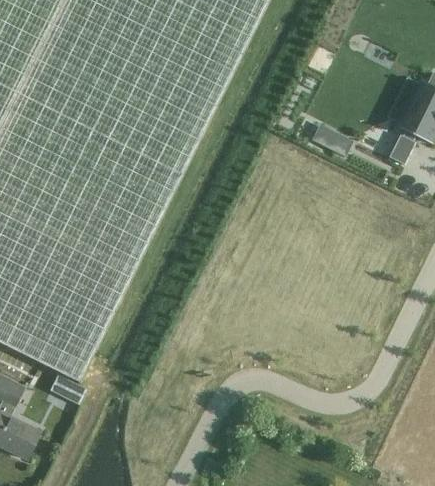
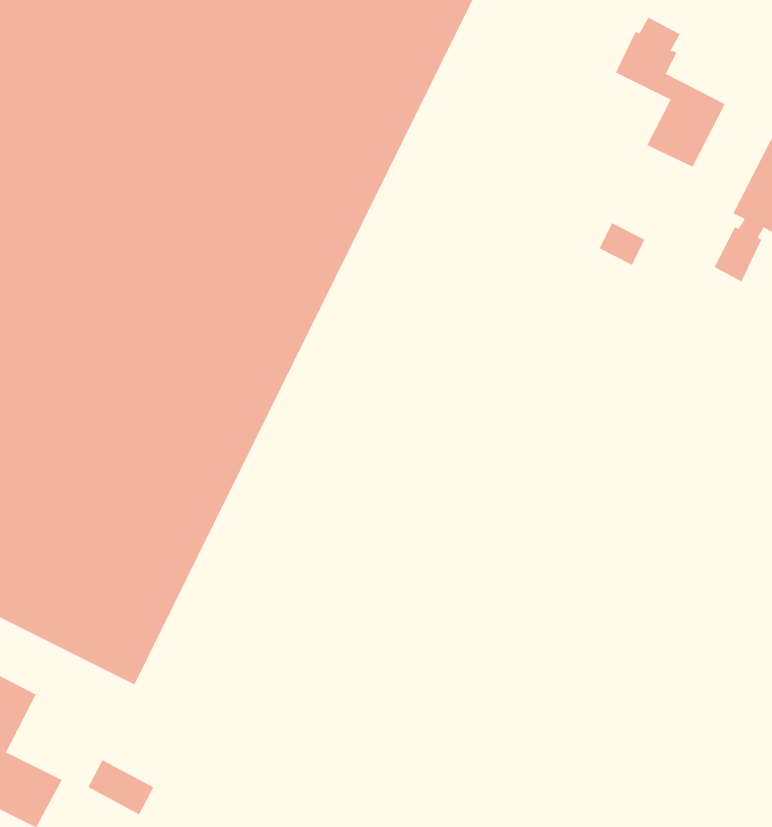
building: none -> [615,17,726,168]
building: [50,374,86,404] -> [87,759,154,815]

